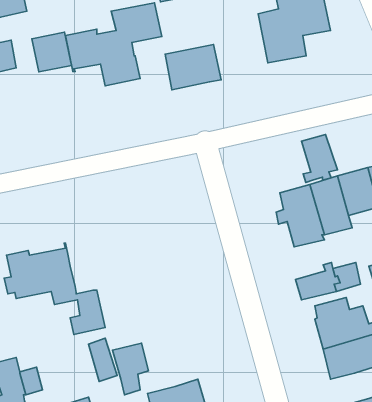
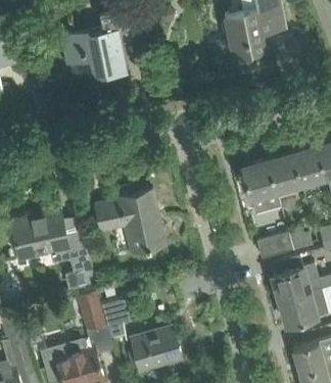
building: [32,32,71,72] -> none
building: [165,44,221,90] -> none
building: [301,134,337,182] -> none
building: none -> [96,190,166,252]

